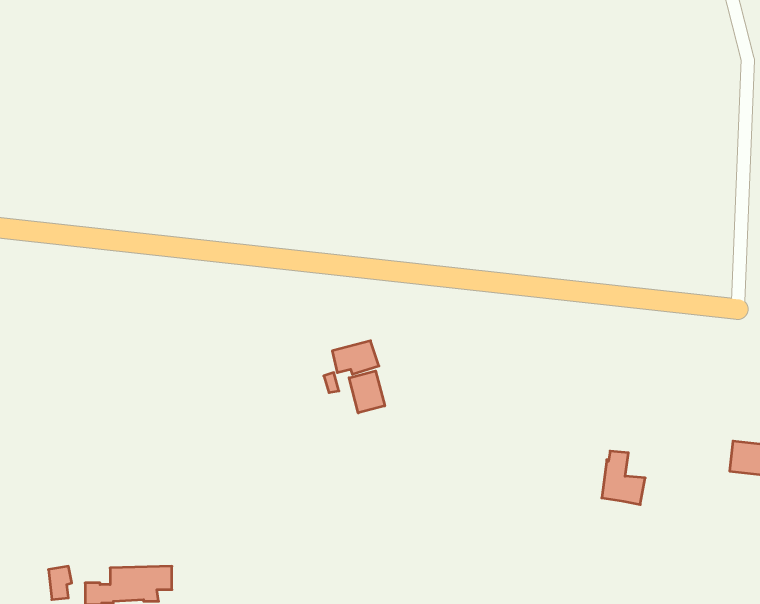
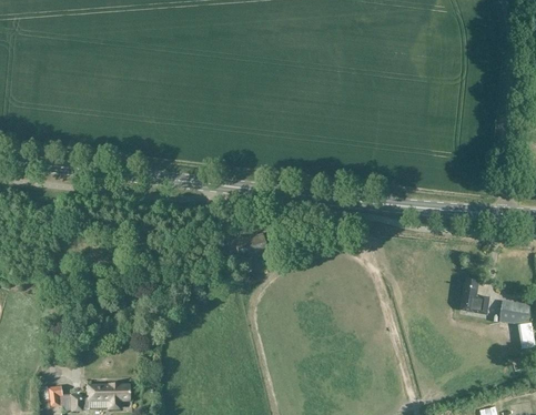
building: [349,371,385,413] -> none
building: [602,451,645,505] -> [462,279,491,314]

